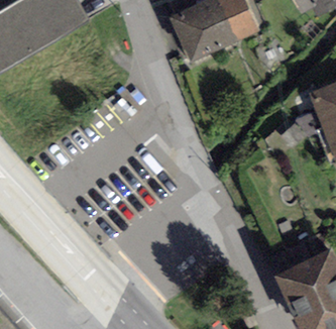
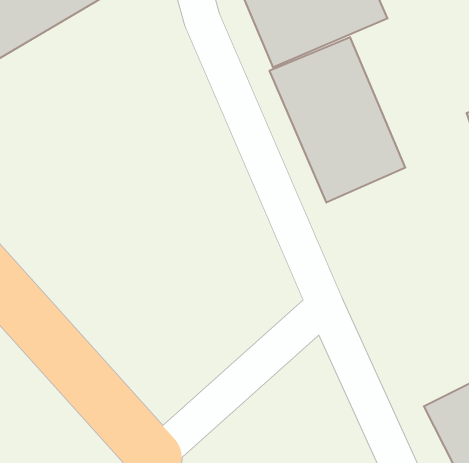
building: none -> [270,37,405,203]

